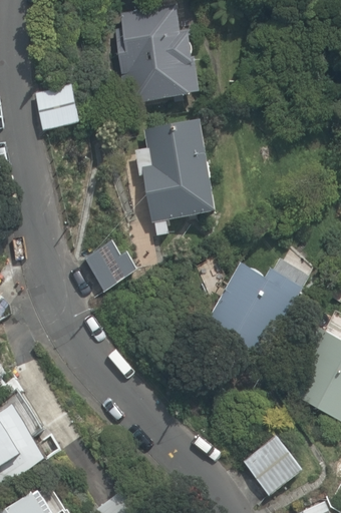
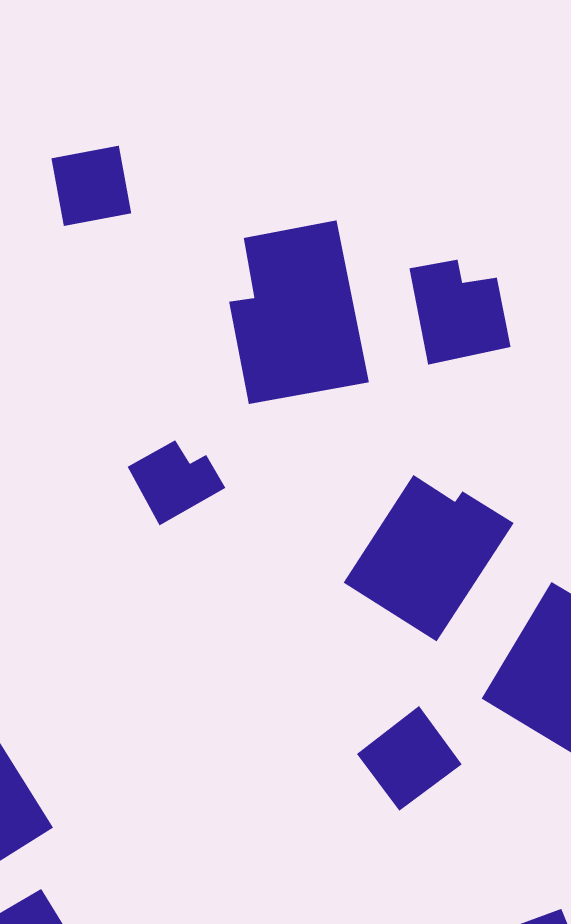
building: [115,6,200,103] -> none
building: none -> [409,259,512,365]
building: [244,435,303,494] -> [356,705,463,812]

